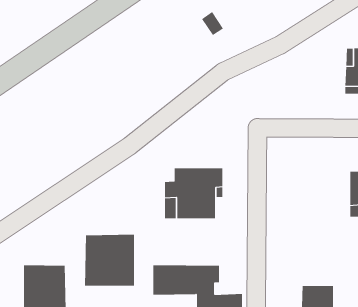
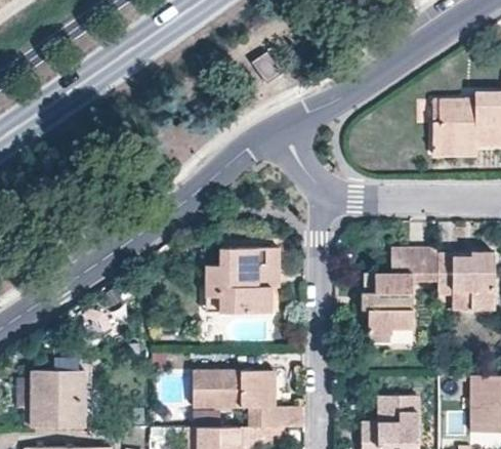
building: none -> [362,247,439,343]
building: [85,234,134,287] -> none

